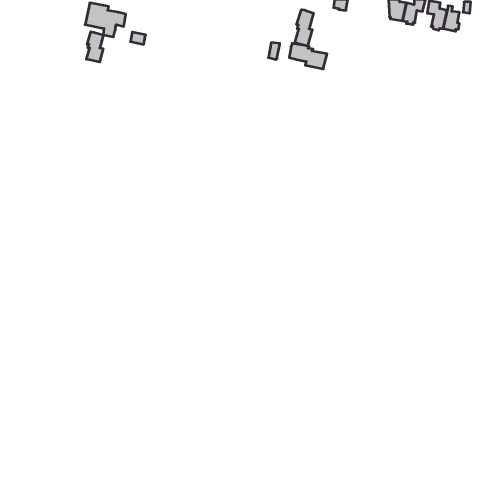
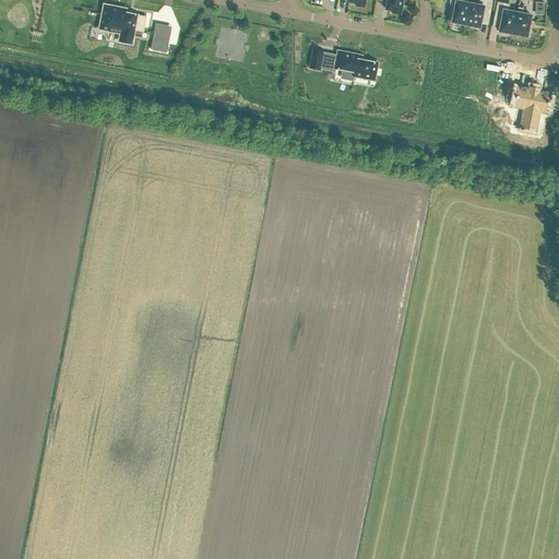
building: [295,10,313,46] -> none
building: [86,32,103,62] -> none
building: none -> [513,85,550,129]

